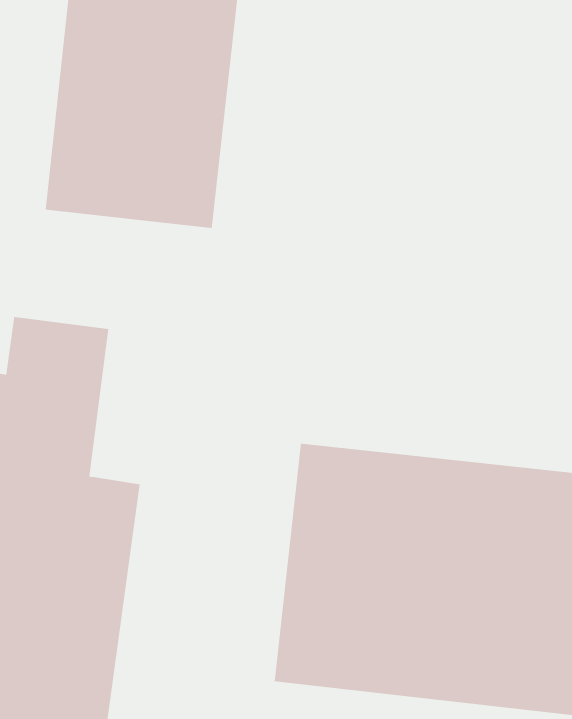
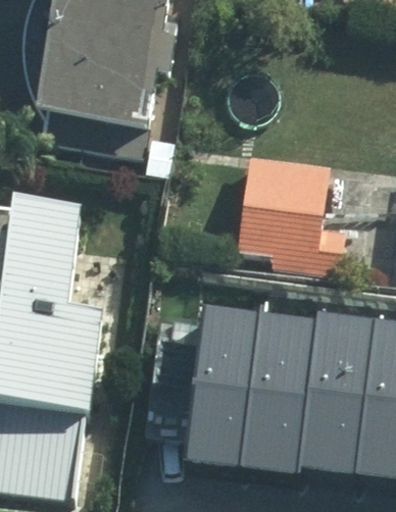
building: none -> [242,162,343,279]

